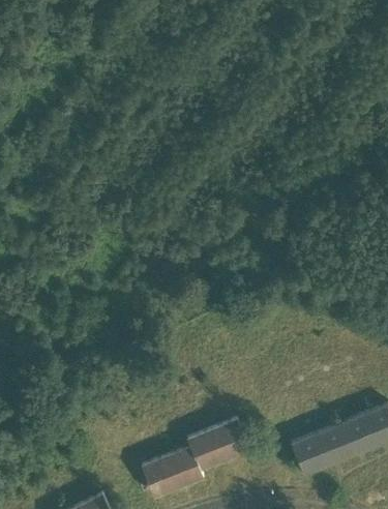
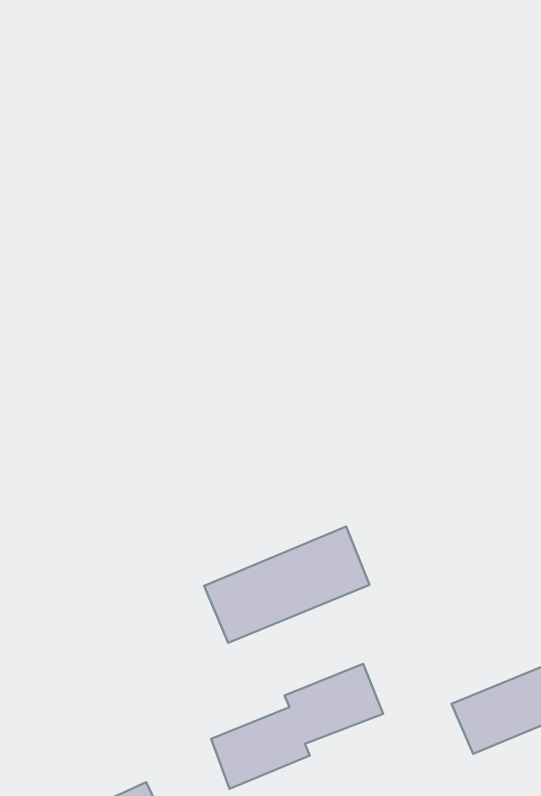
building: none -> [204,527,369,643]

